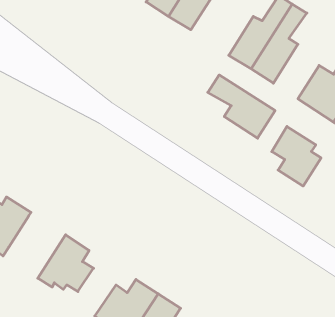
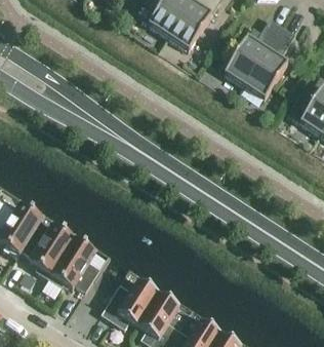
building: [208,75,275,138] -> none
building: [272,126,321,186] -> none
building: none -> [21,221,73,278]

